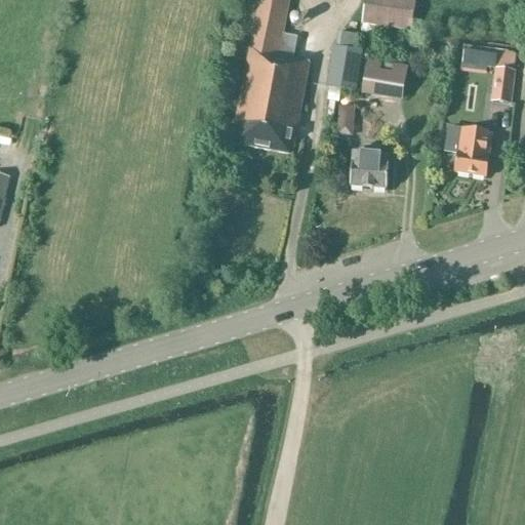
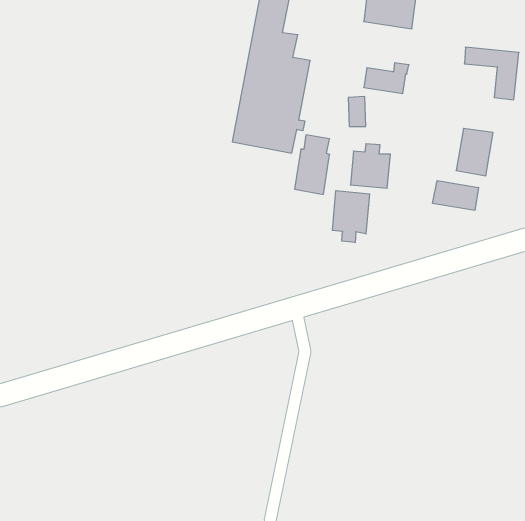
building: [327,30,362,89] -> [295,135,330,194]
building: none -> [433,181,479,210]
building: none -> [332,191,370,243]

